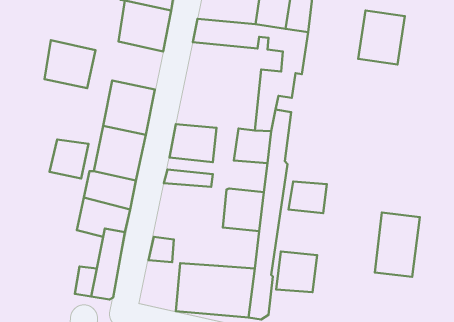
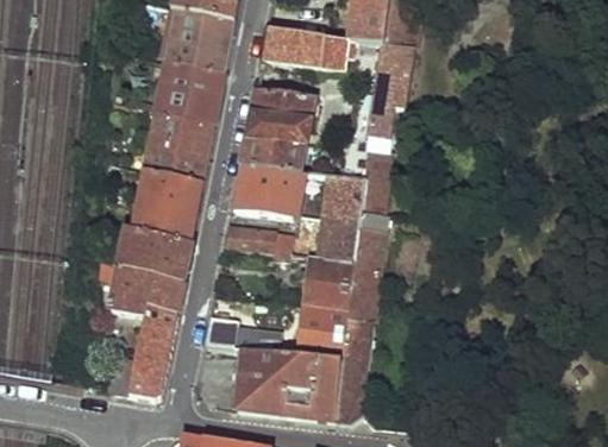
building: [358,11,405,64] -> none
building: [45,40,95,88] -> [157,57,224,120]
building: none -> [240,86,315,170]
building: [50,140,88,179] -> none
building: [289,181,327,213] -> [311,213,361,254]
building: [375,212,420,277] -> none
building: [276,251,317,292] -> [296,301,350,354]

